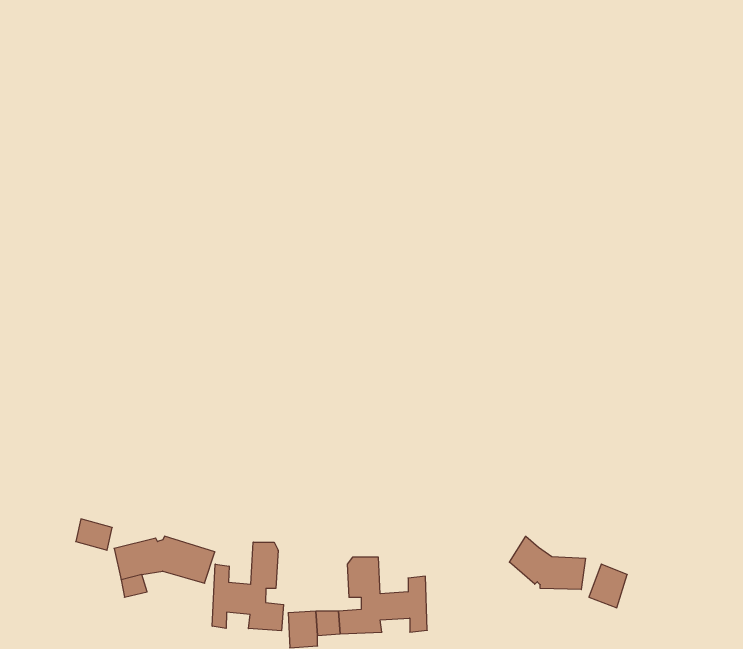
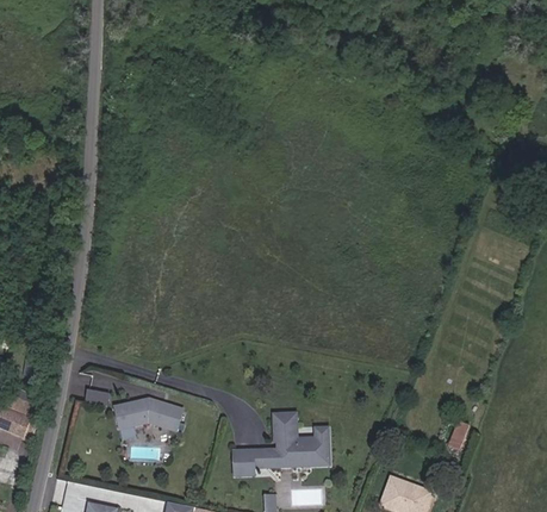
building: [509,536,585,590] -> none
building: [212,542,284,631] -> none

